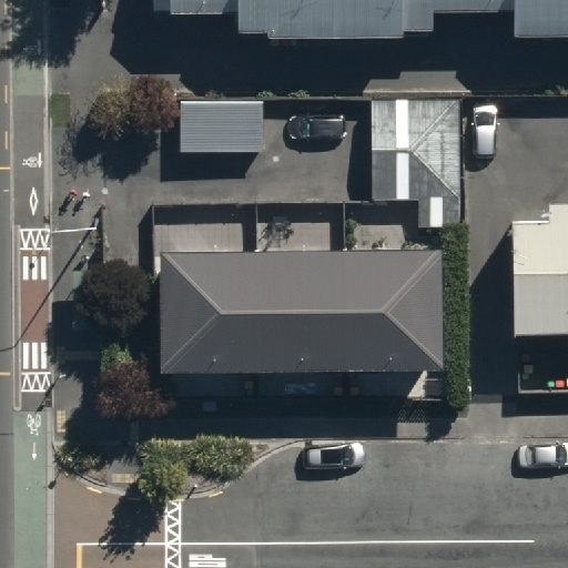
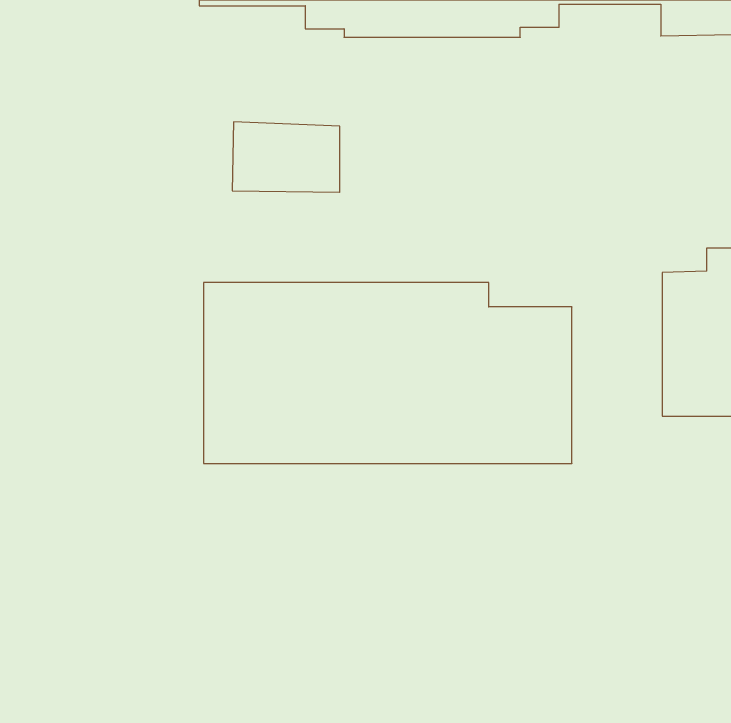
building: [372,103,462,232] -> none

